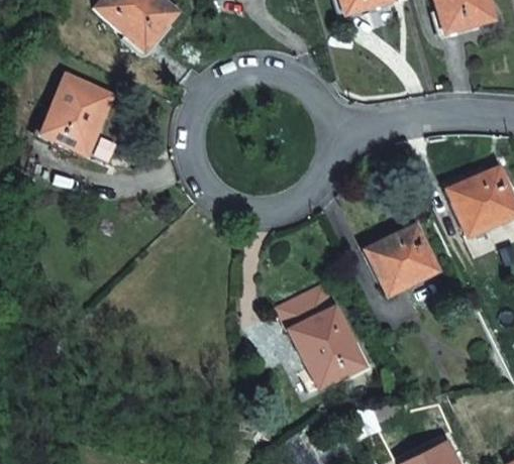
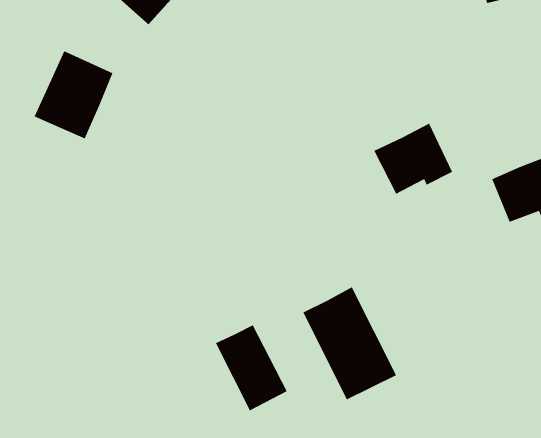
building: [367,225,438,289] -> [373,122,453,195]
building: none -> [215,324,288,412]

